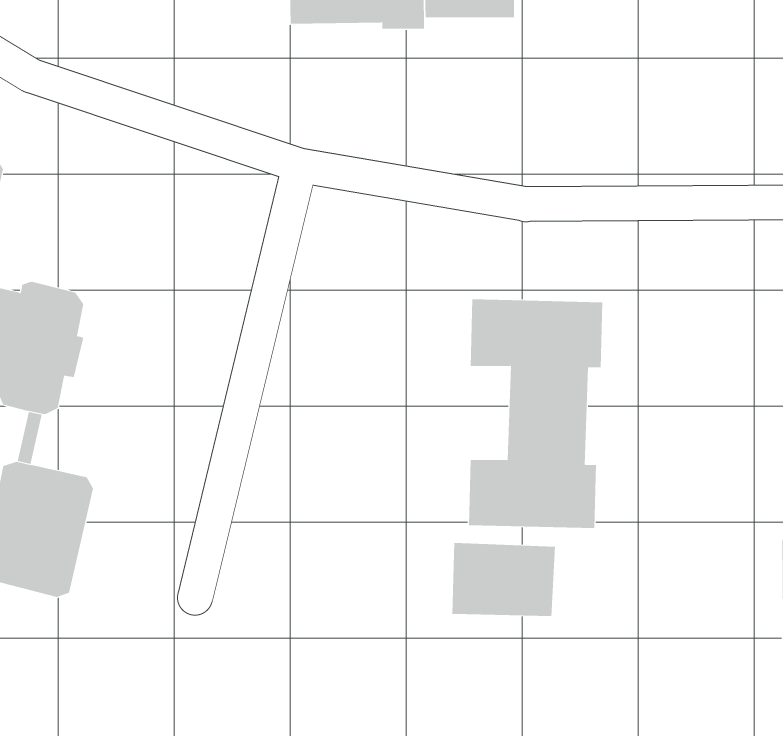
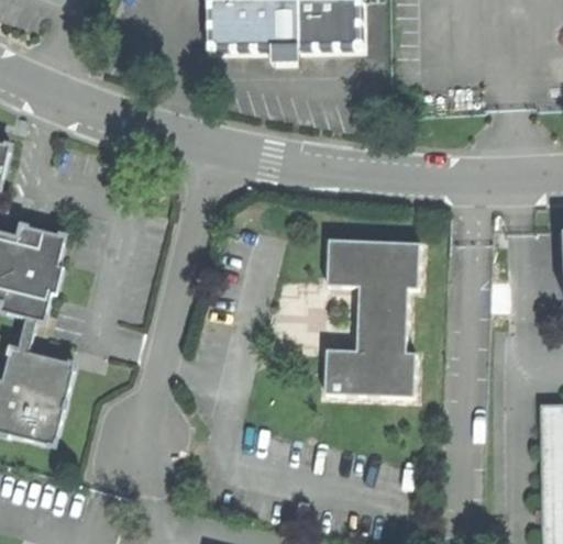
building: [452,542,555,617] -> none

